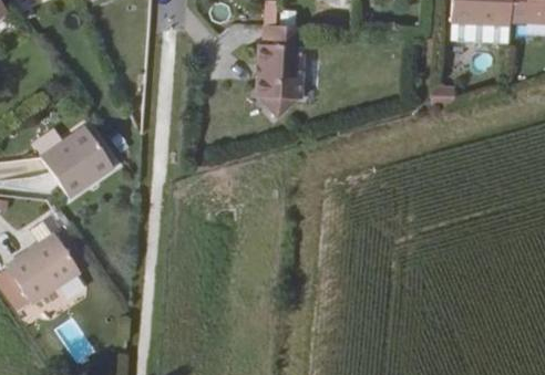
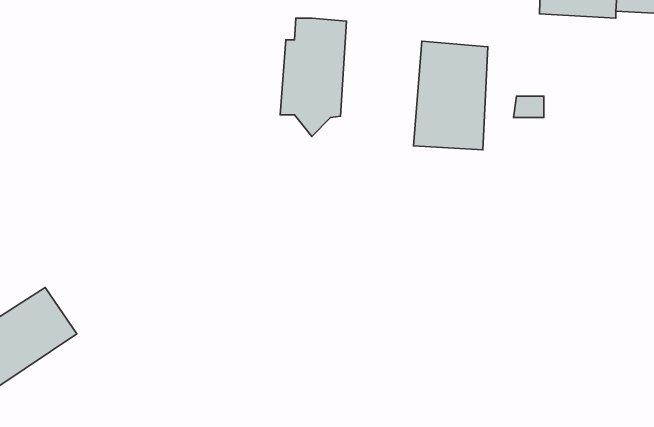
building: none -> [414,41,488,150]
building: [47,114,115,180] -> none

